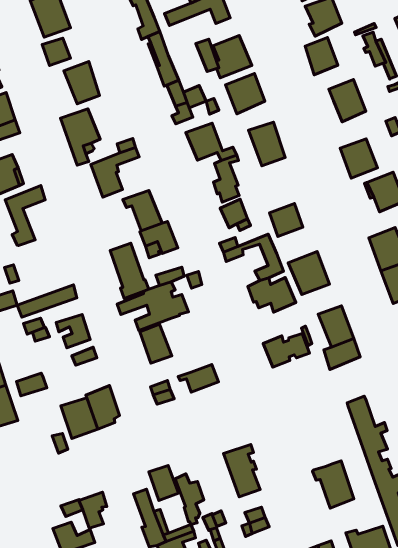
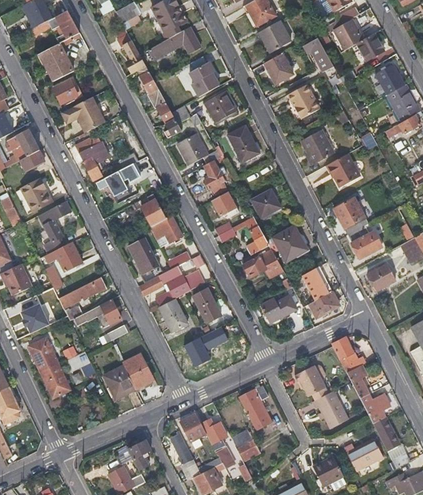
building: none -> [54,241,82,271]
building: none -> [194,288,221,322]
building: none -> [294,368,329,400]

